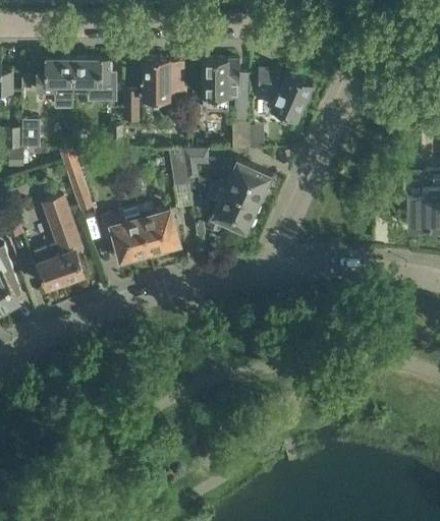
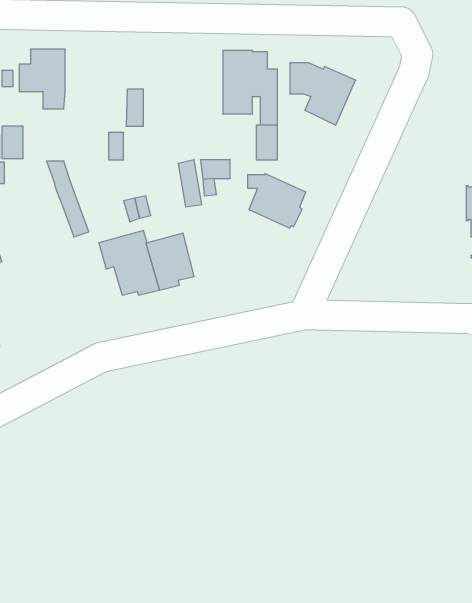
building: [73,59,116,99] -> none
building: [143,59,182,108] -> none
building: [205,184,258,234] -> none
building: [34,197,85,289] -> none

